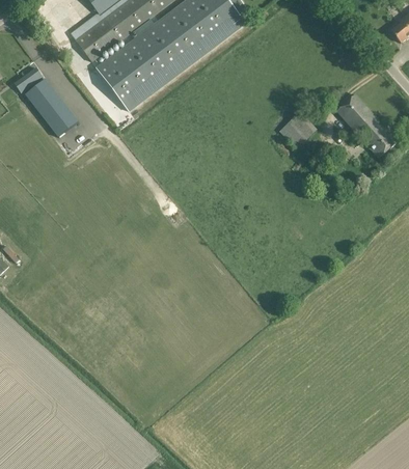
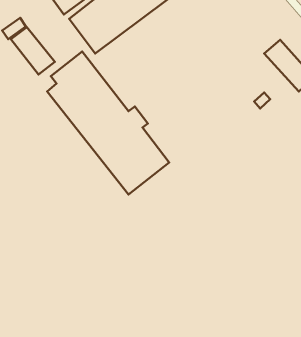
building: none -> [47,51,169,194]
building: [278,110,316,148] -> none

